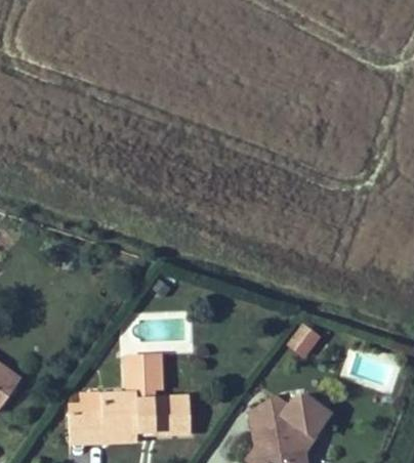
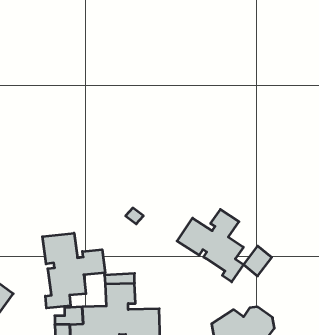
building: none -> [177,209,243,282]
building: none -> [42,233,105,308]

